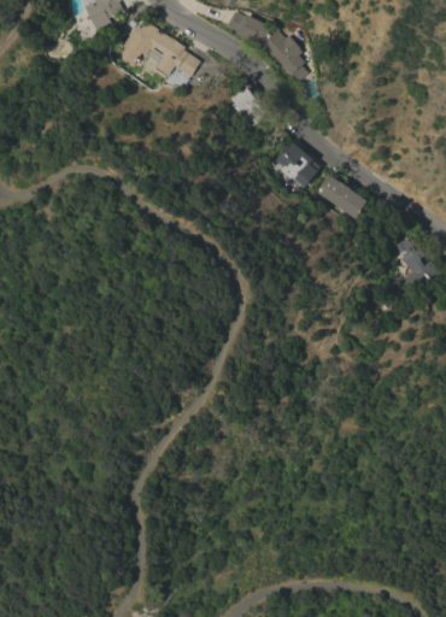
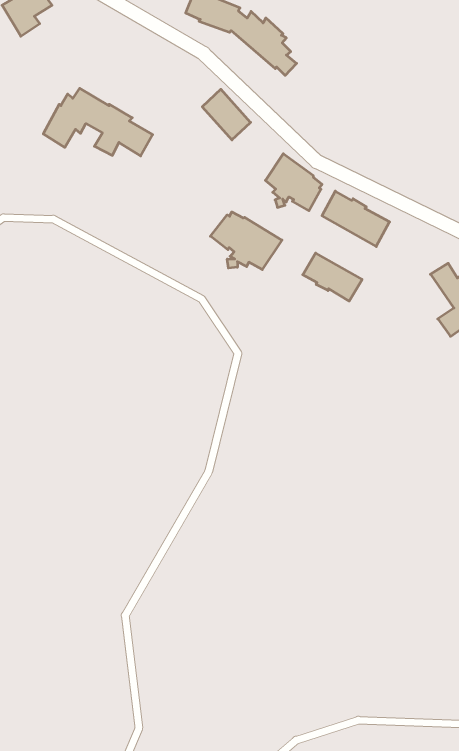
building: [116,20,200,77] -> [43,88,153,156]
building: none -> [210,212,282,270]
building: none -> [303,253,362,301]

